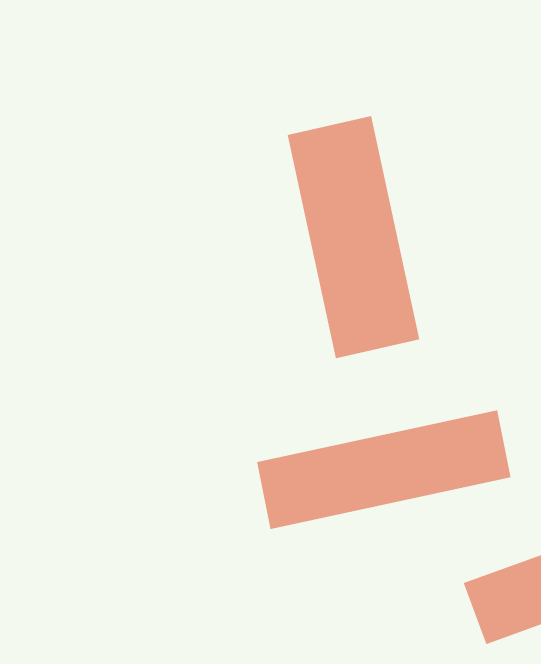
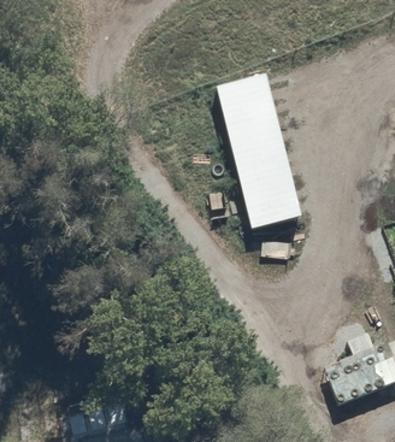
building: [256,410,511,530] -> none

